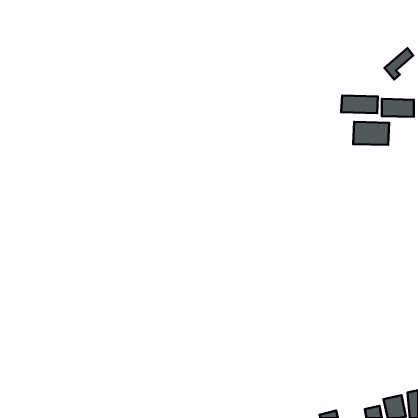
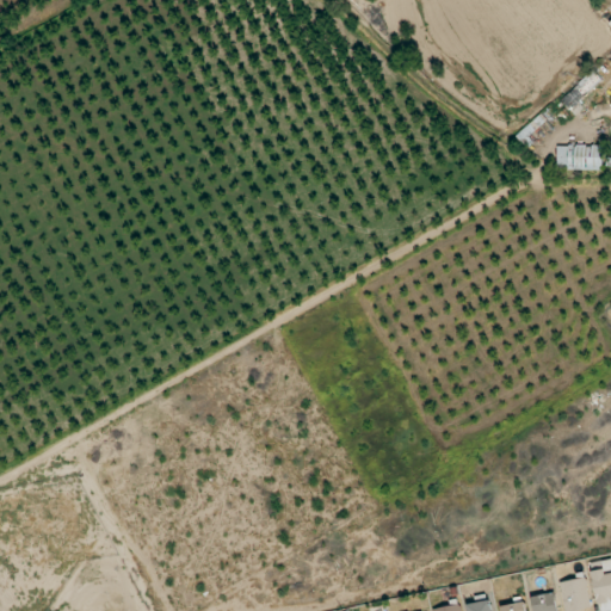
building: [341,96,378,113] -> none
building: [353,122,389,145] -> none

